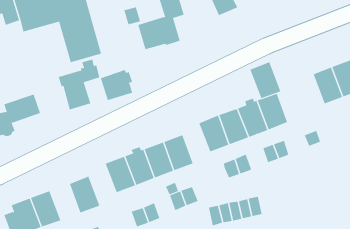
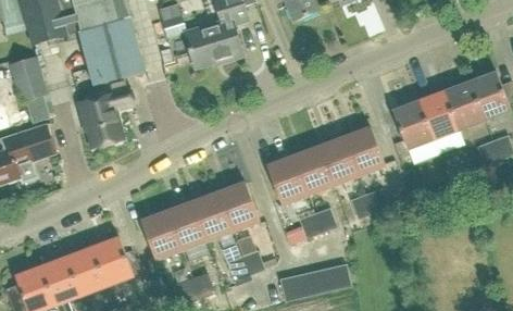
building: none -> [11,55,50,123]
building: [250,61,281,99] -> [392,100,435,150]
building: [100,69,133,101] -> none
building: none -> [67,247,108,296]

